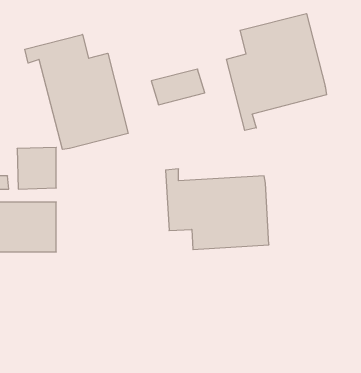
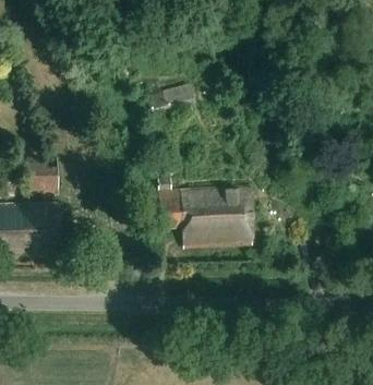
building: [227,14,327,130] -> none
building: [25,34,128,149] -> none

